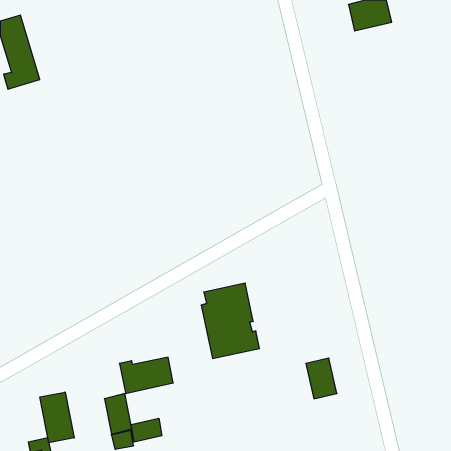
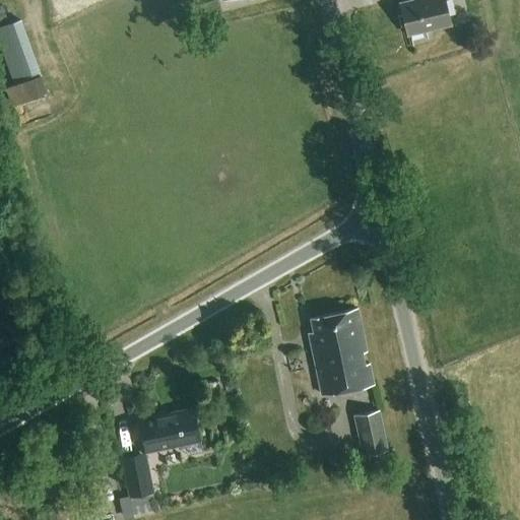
building: [201,283,259,358] -> [308,310,375,396]
building: [40,392,74,443] -> none
building: [131,418,162,442] -> none

